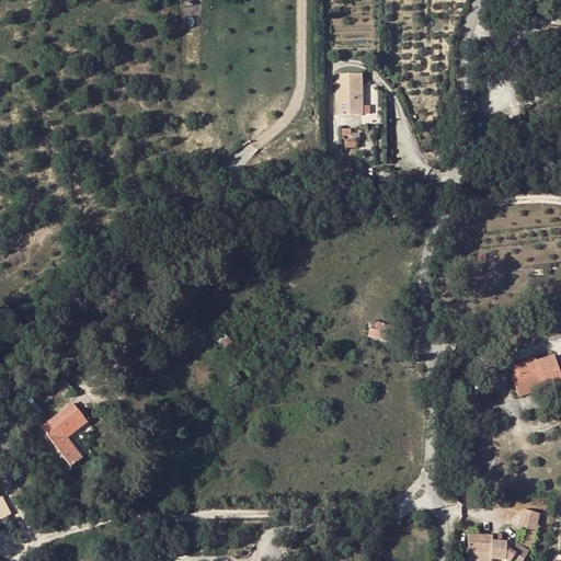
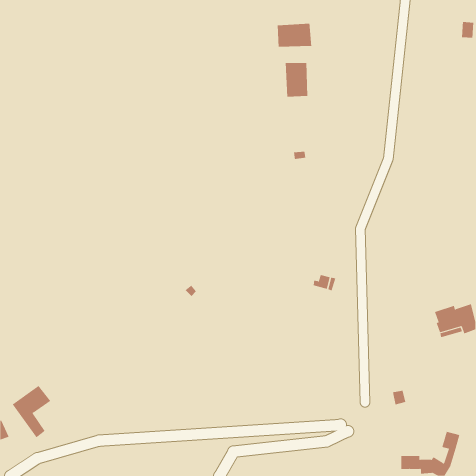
building: none -> [277,23,312,48]
building: [42,403,88,466] -> [12,385,51,438]

